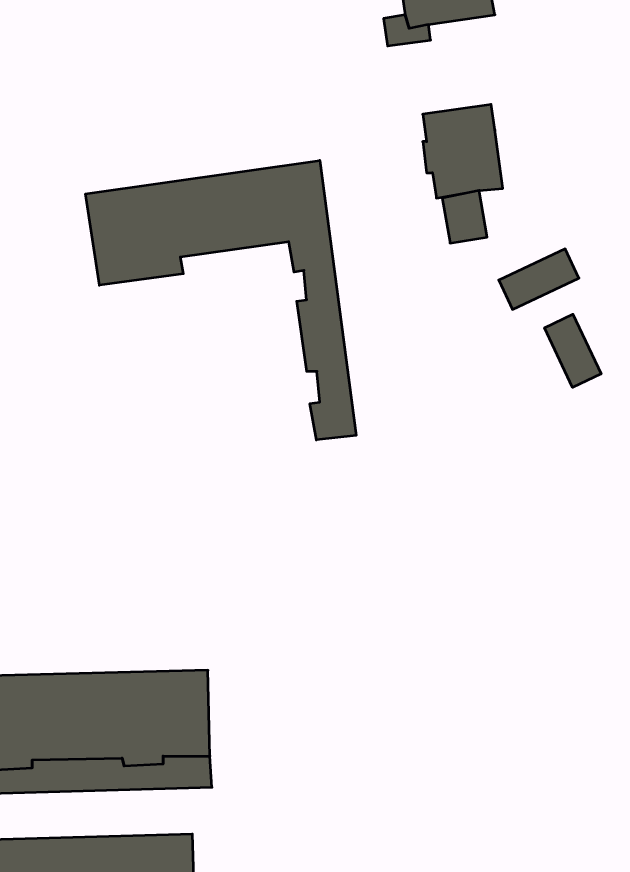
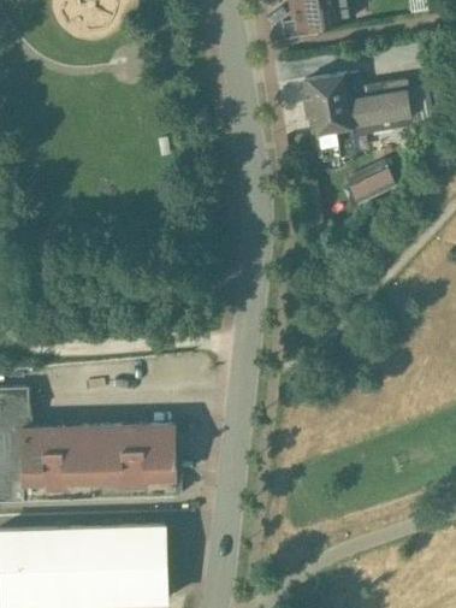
building: none -> [350,89,410,126]
building: [86,160,356,440] -> none
building: [545,314,601,387] -> none

